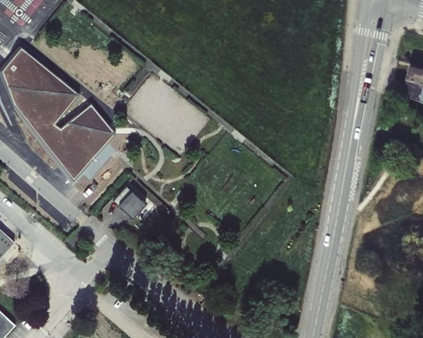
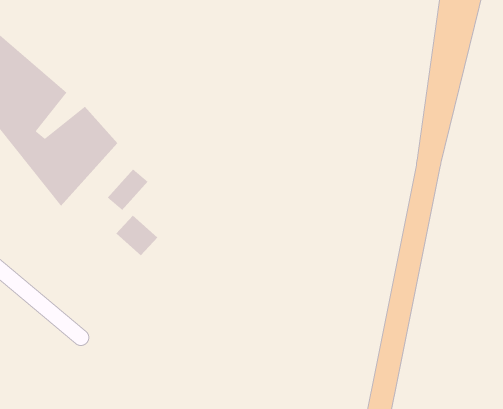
building: none -> [107,169,148,211]

